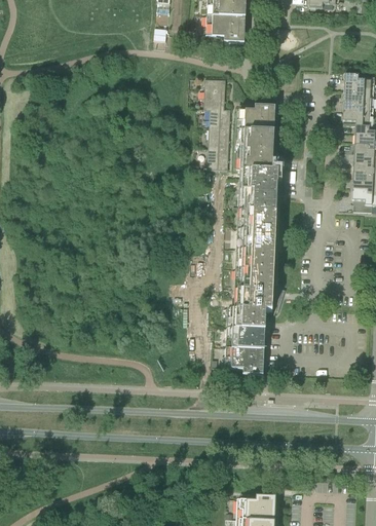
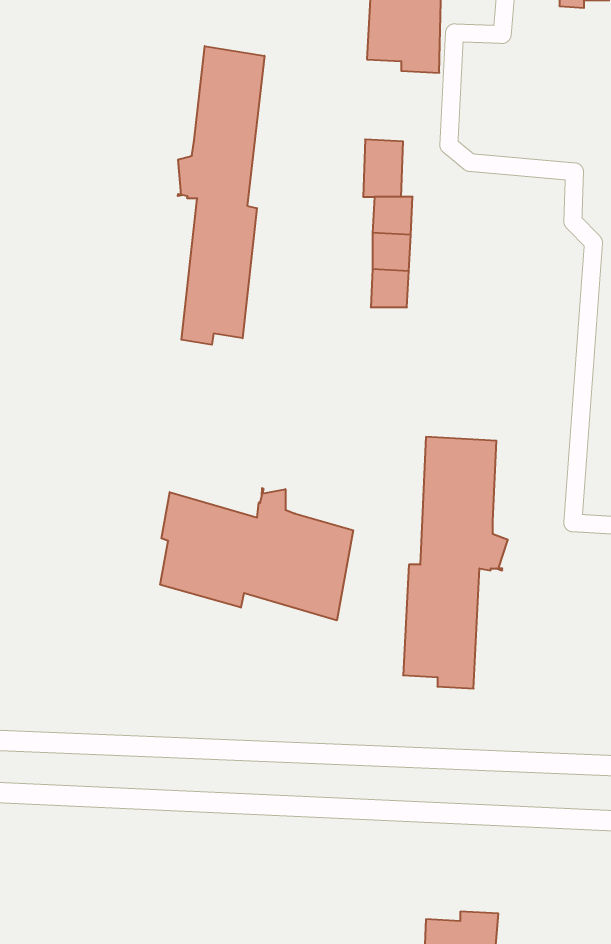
building: none -> [178,46,264,345]
building: [233,104,287,239] -> none
building: none -> [160,488,353,620]

